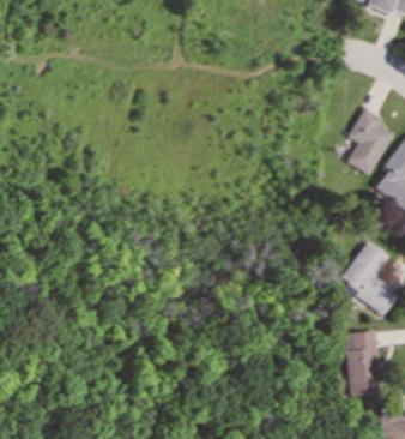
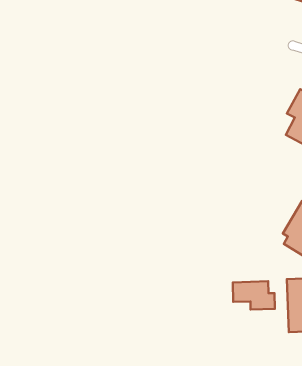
building: none -> [233,281,275,310]

